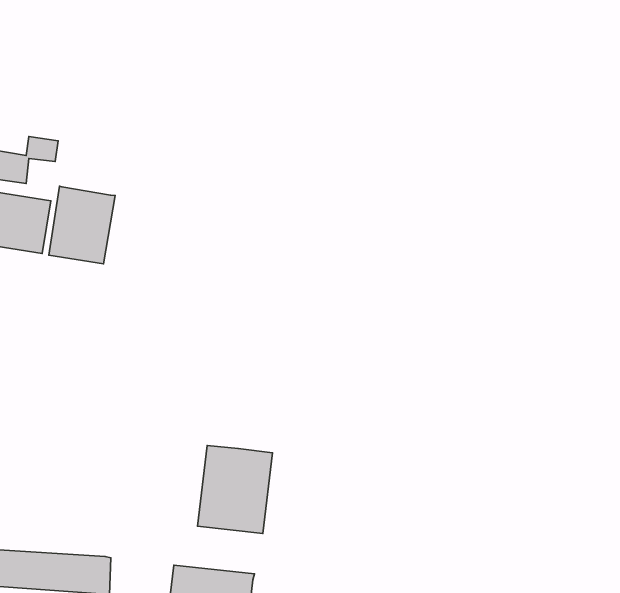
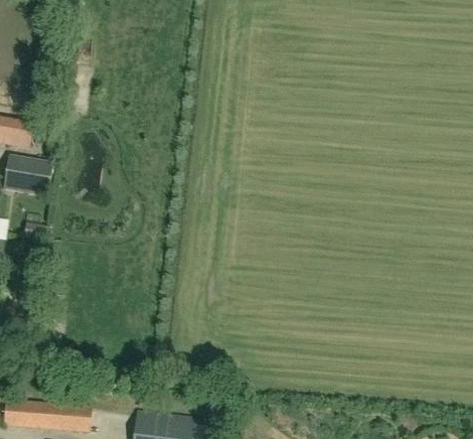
building: [49,186,115,264] -> none
building: [198,445,272,534] -> none

